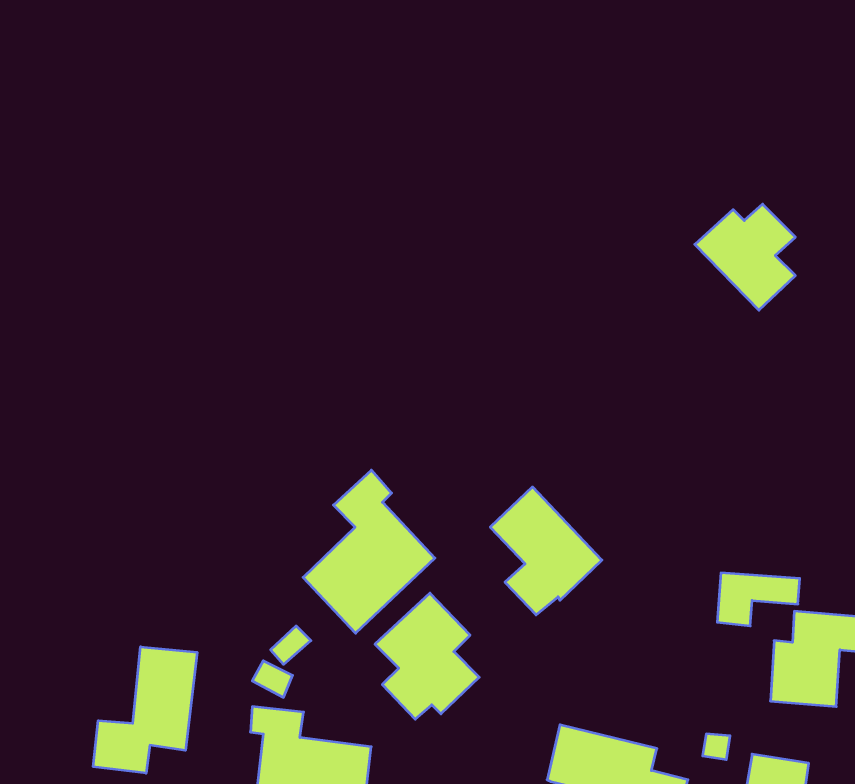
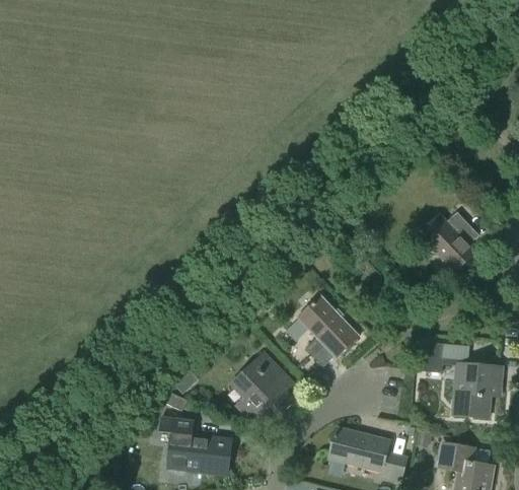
building: [695,204,795,310] -> [419,212,474,271]
building: [303,470,435,633] -> none
building: [93,647,197,773] -> none

